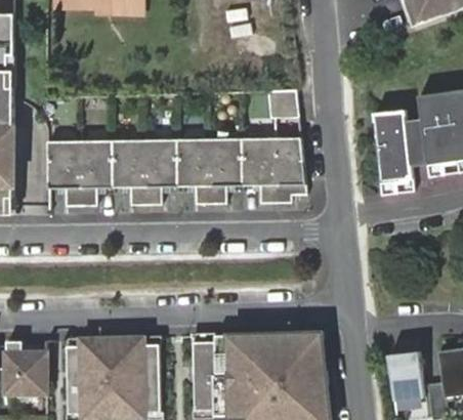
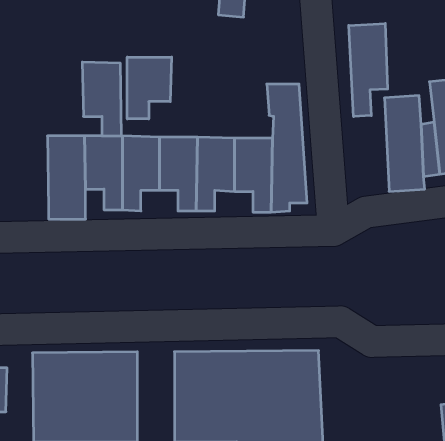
building: none -> [349,23,388,117]
building: none -> [127,57,172,119]
building: [44,141,79,207] -> [82,62,122,136]
building: [390,349,424,397] -> none

